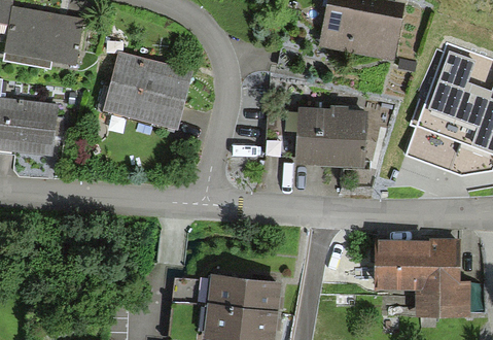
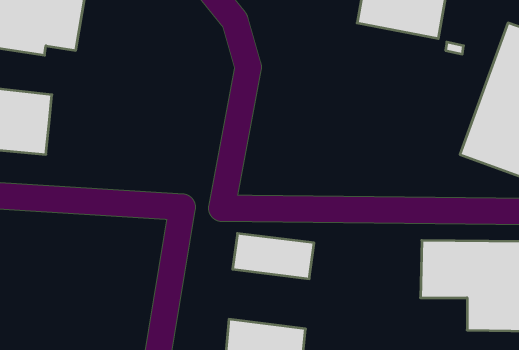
building: [101,55,184,128] -> none
building: [296,111,364,171] -> none
building: [209,270,279,309] -> [233,233,314,279]

